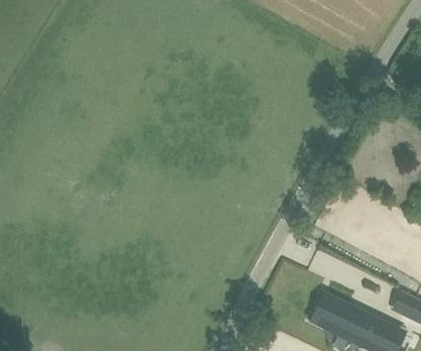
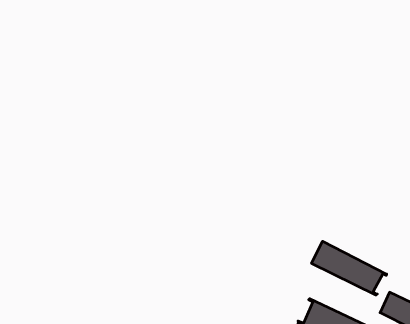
building: none -> [312,241,387,295]

